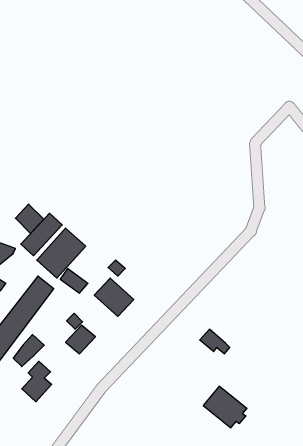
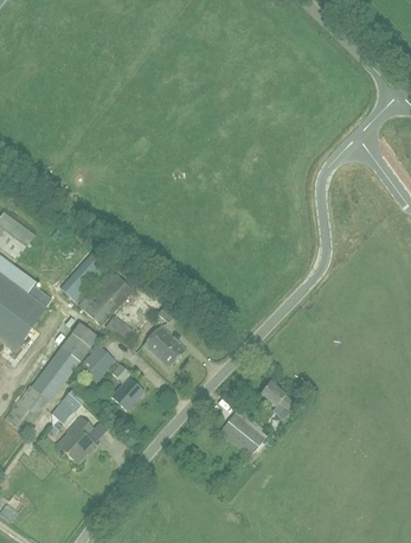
building: [15,204,44,233] -> none
building: none -> [79,345,115,379]
building: [203,386,247,428] -> [218,410,266,456]

